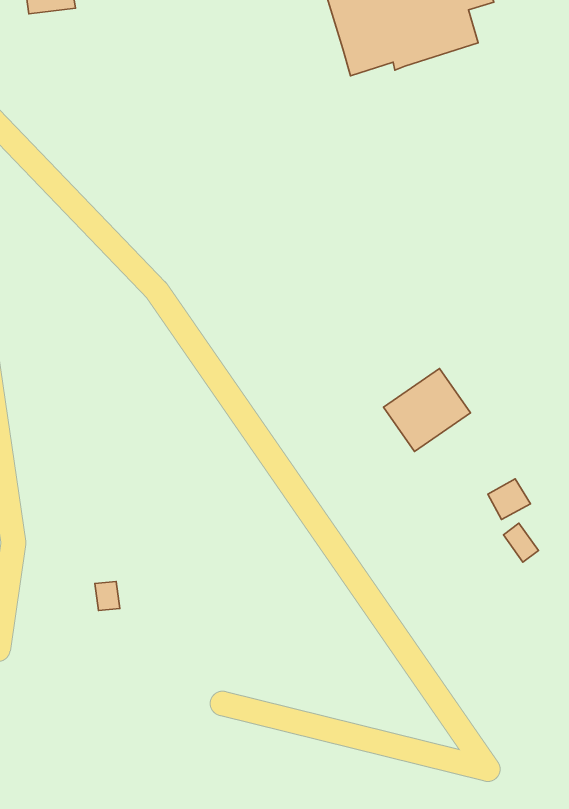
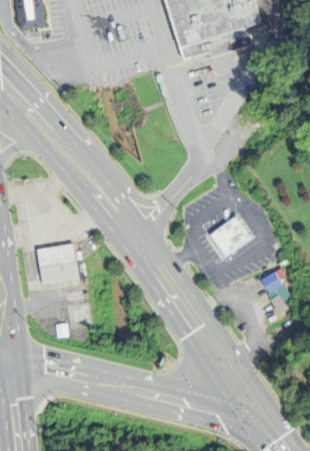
building: none -> [39,243,81,284]

